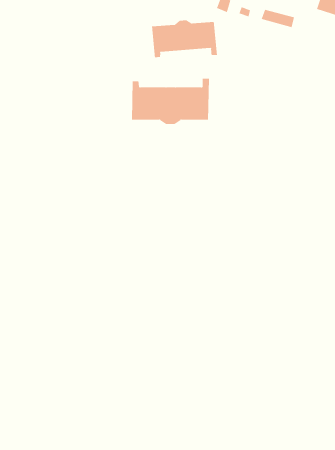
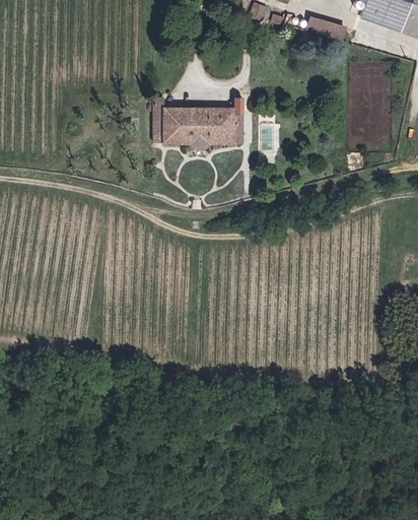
building: [151,20,218,58] -> none

